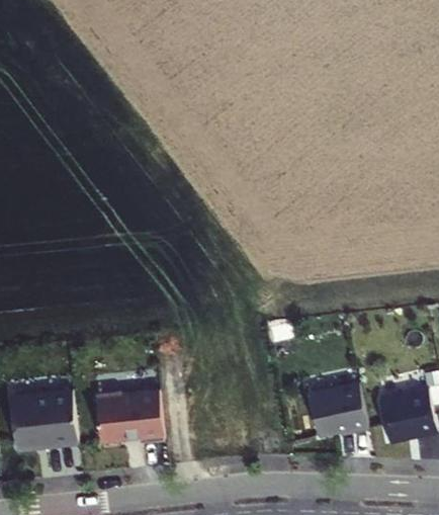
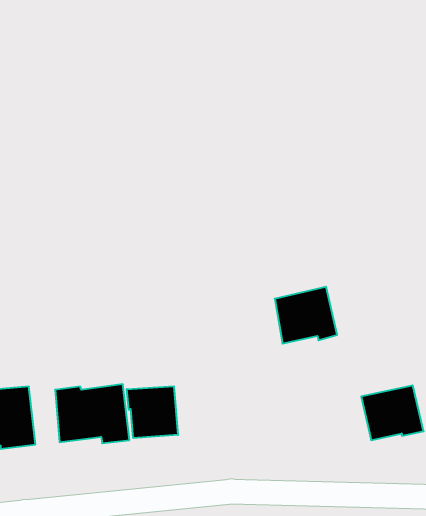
building: [310,382,367,435] -> [275,287,337,344]
building: none -> [127,386,178,438]

